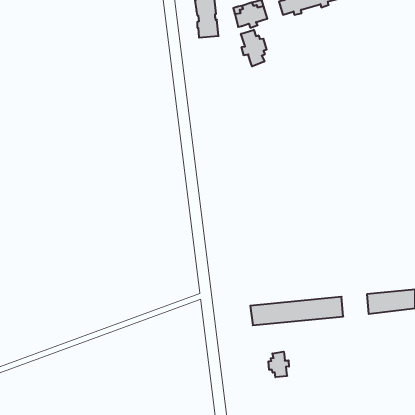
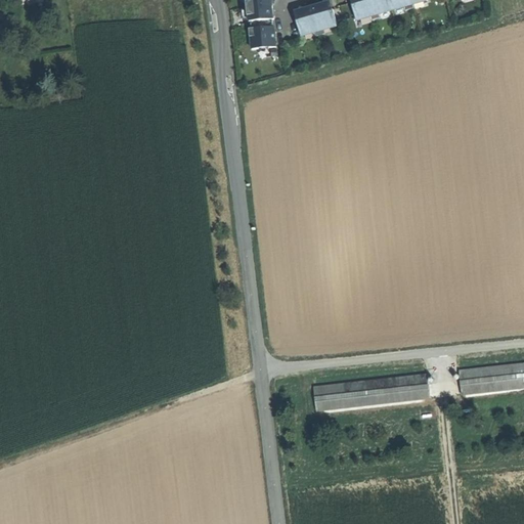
building: [241,30,267,66] -> none
building: [268,352,289,377] -> none

